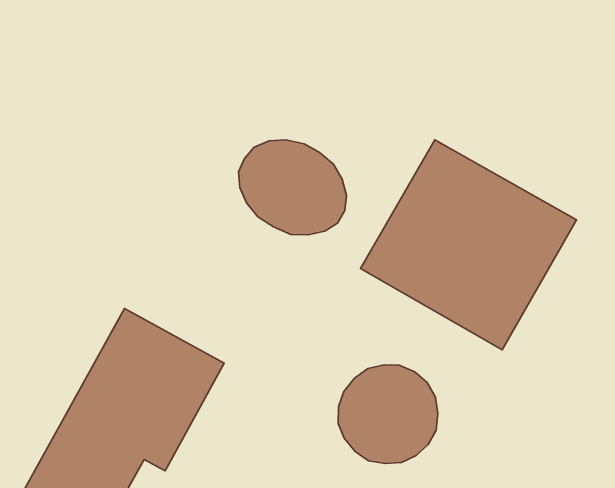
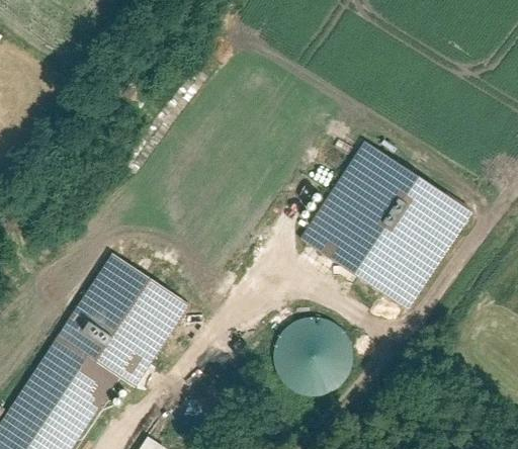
building: [239,140,347,235] -> none

